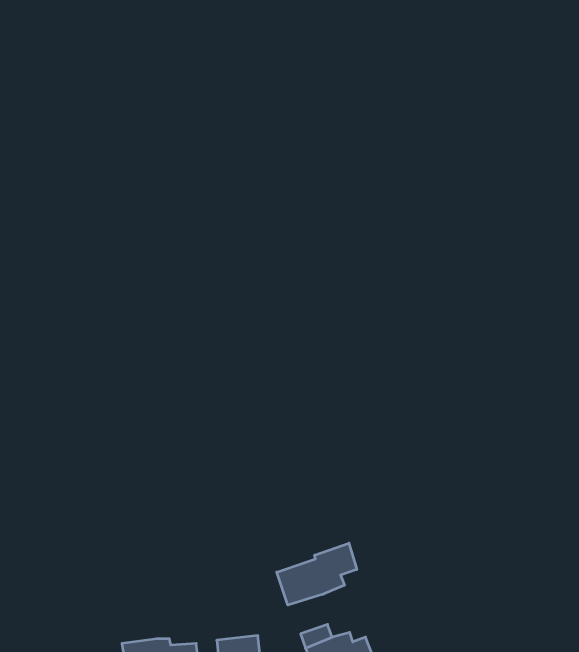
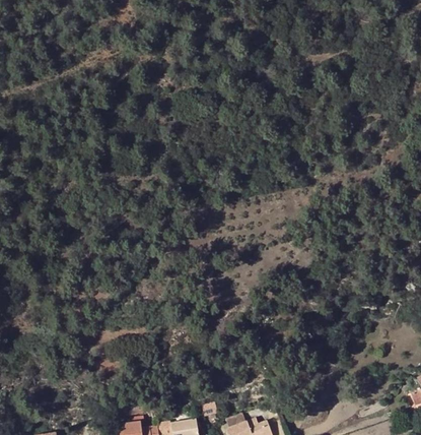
building: [277,543,357,605] -> none

